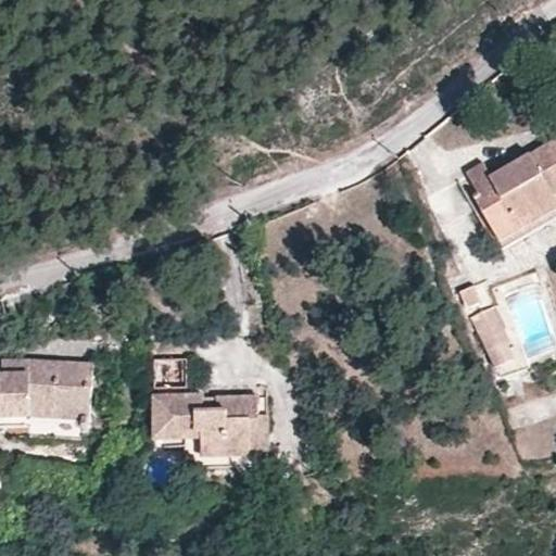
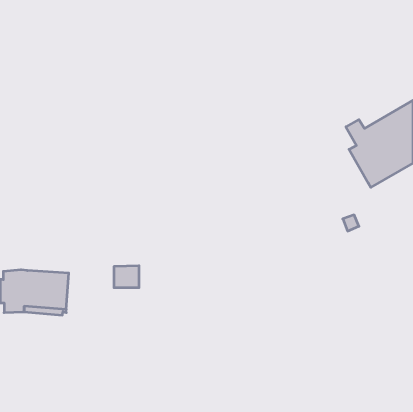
building: [473,309,513,365] -> none
building: [151,392,265,454] -> none

